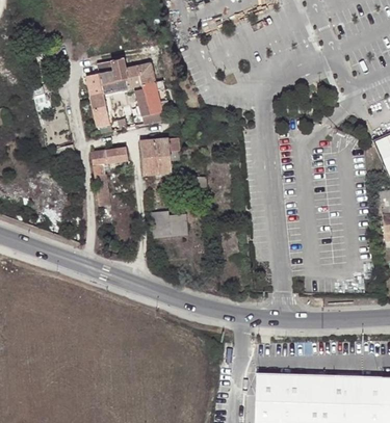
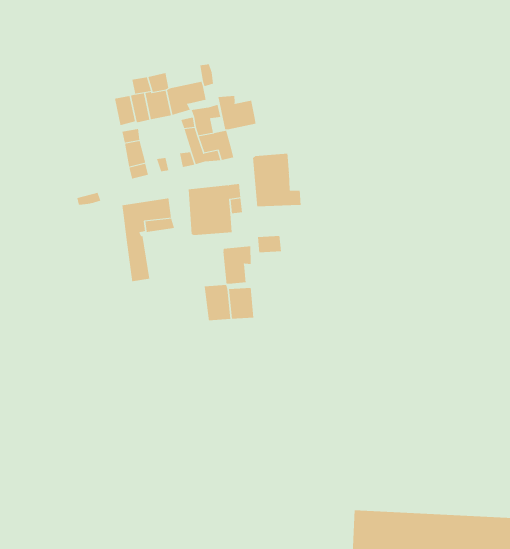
building: none -> [218,95,256,130]
building: none -> [253,153,301,207]
building: none -> [223,246,251,285]

